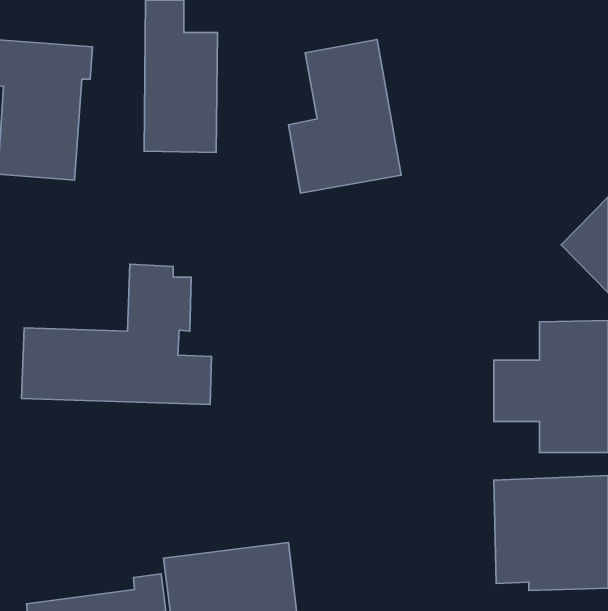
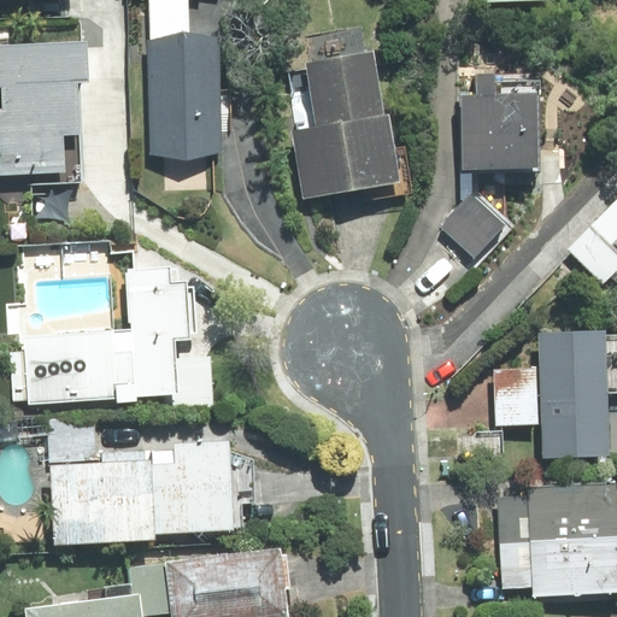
building: none -> [462,66,543,166]
building: none -> [430,183,510,263]
building: none -> [43,421,237,545]

